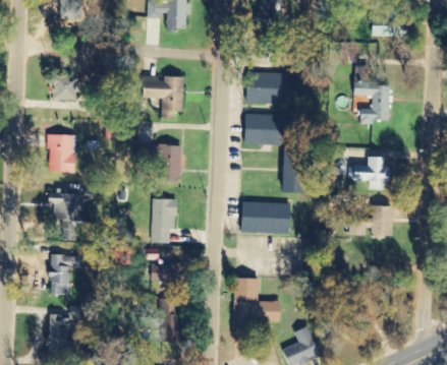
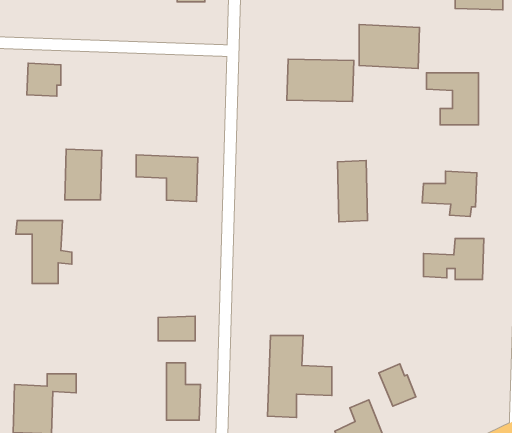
building: [145,75,184,118] -> none
building: [246,113,291,145] -> [359,25,420,68]
building: [48,134,75,172] -> [65,149,102,200]
building: [150,198,178,243] -> none
building: [242,201,292,234] -> none
building: [50,254,80,294] -> none
building: none -> [379,364,416,406]

